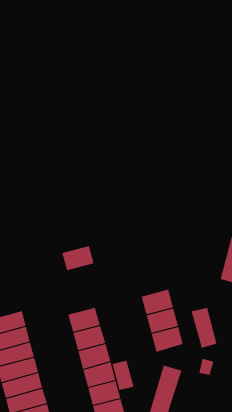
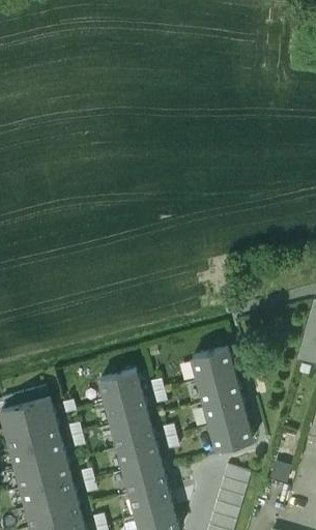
building: [61,245,94,271] -> [99,372,141,404]
building: none -> [192,349,233,381]
building: [191,307,217,348] -> none
building: [112,360,134,391] -> none

